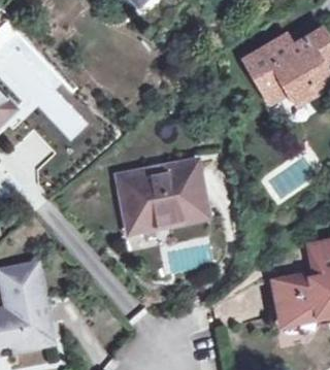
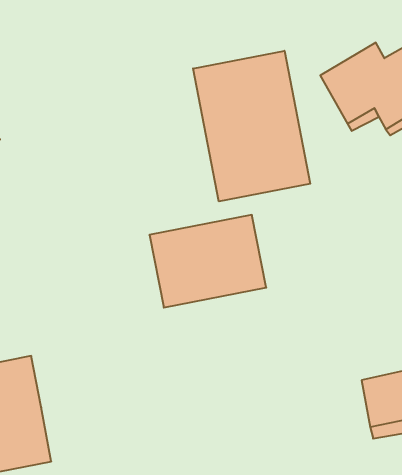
building: none -> [193,51,310,201]

